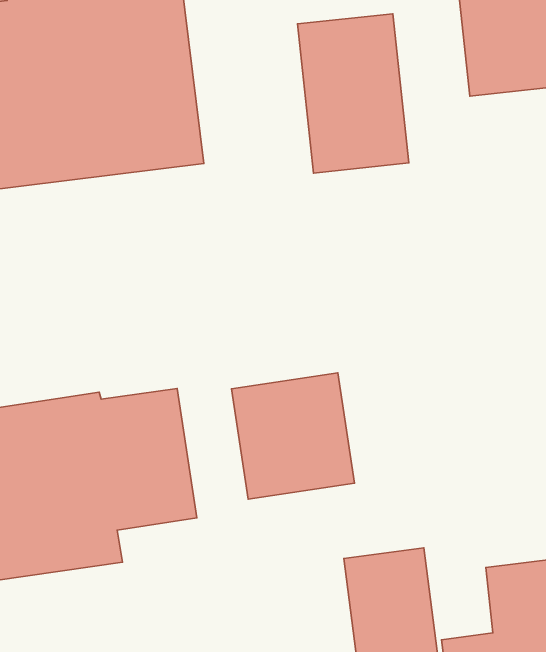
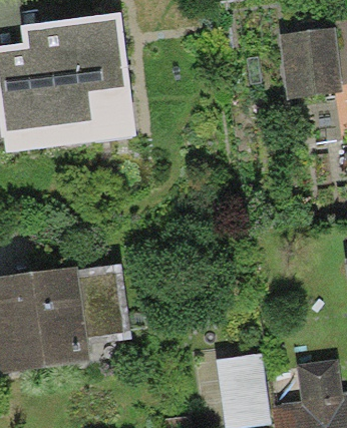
building: [297,14,409,173] -> none
building: [232,373,355,499] -> none

